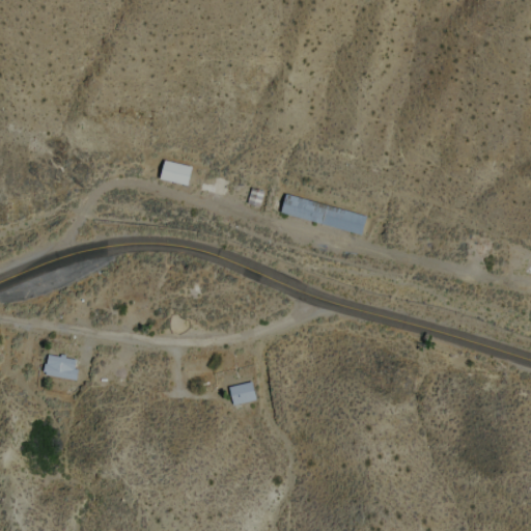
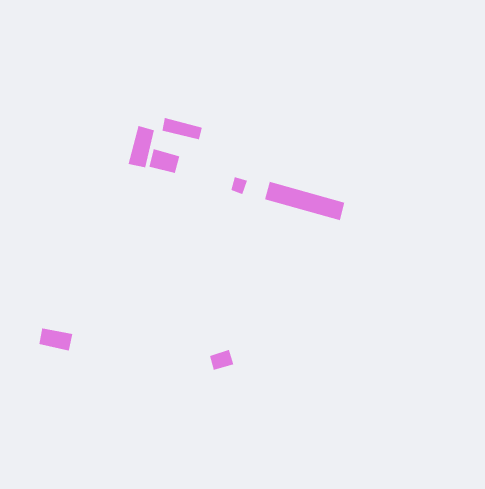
building: none -> [162,117,203,140]
building: none -> [128,125,154,168]

